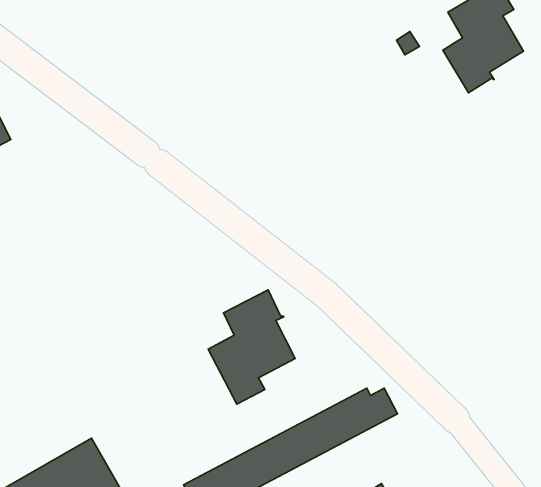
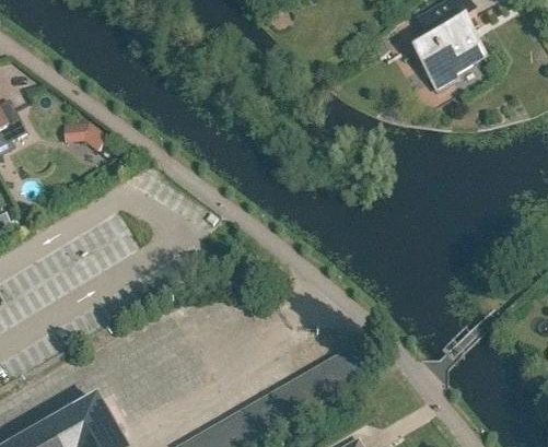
building: none -> [62,118,107,149]
building: [208,290,295,404] -> none

